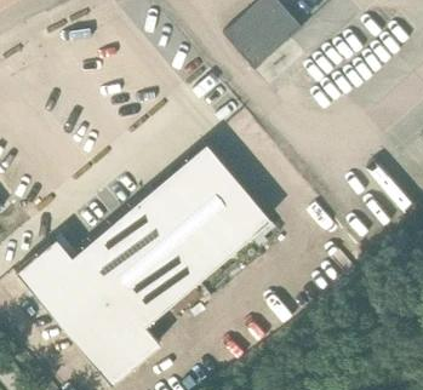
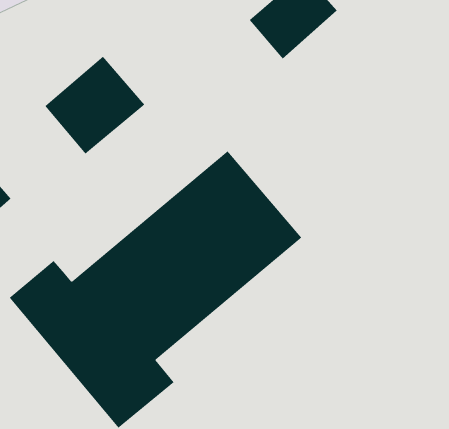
building: none -> [45,56,145,154]

